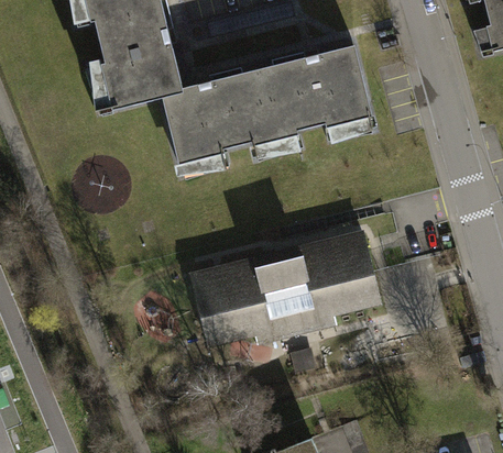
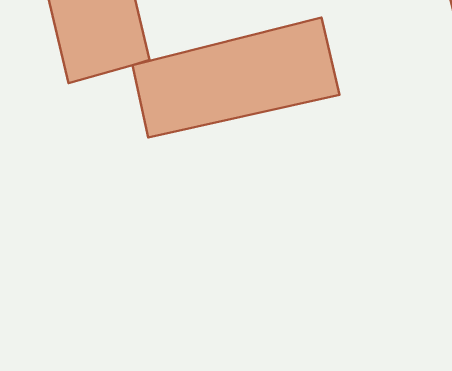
building: [195,231,385,340] -> none

